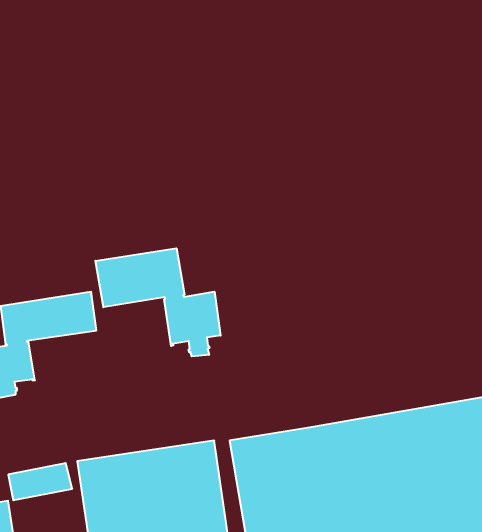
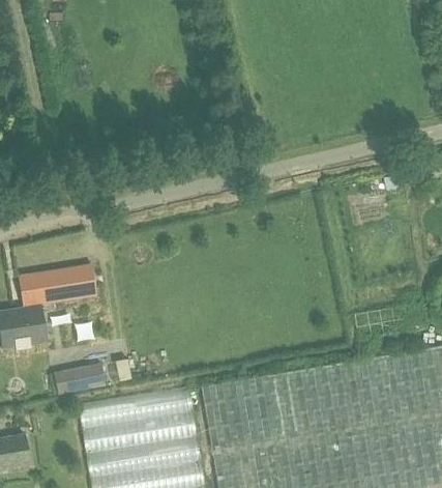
building: [95,248,221,356] -> none
building: [8,463,72,500] -> [54,366,106,396]

